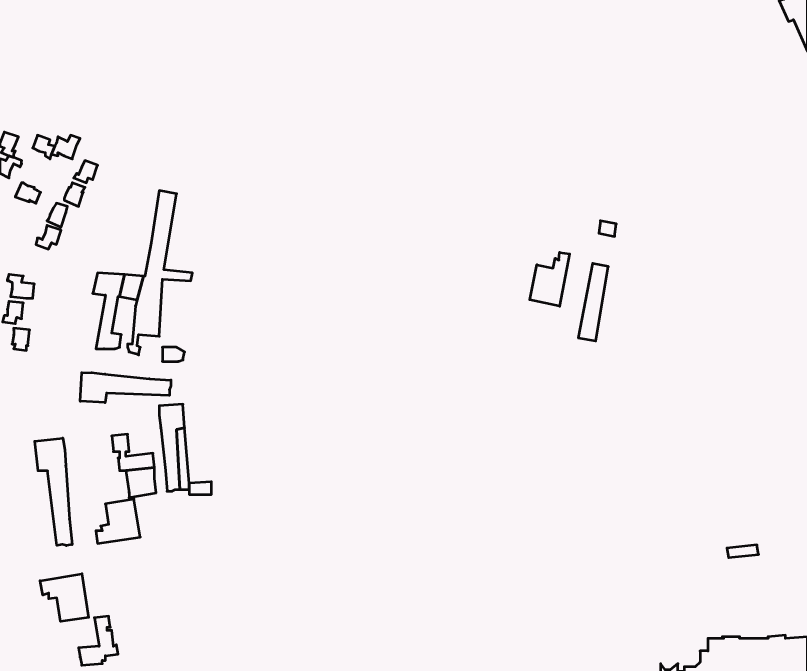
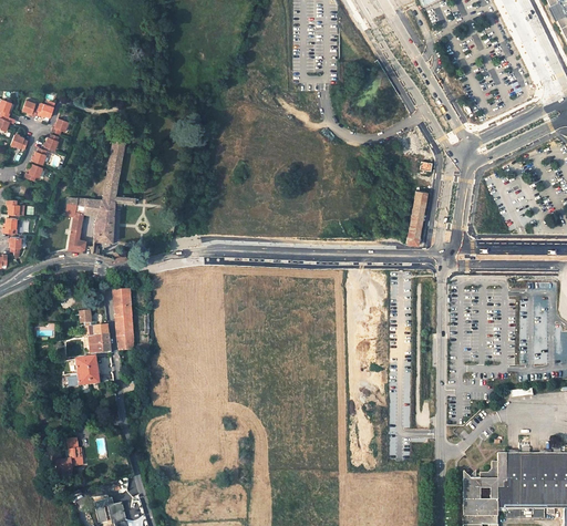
building: [530,252,570,306] -> none
building: [80,373,171,403] -> none
building: [35,438,72,546] -> none
building: [40,574,89,621] -> none

